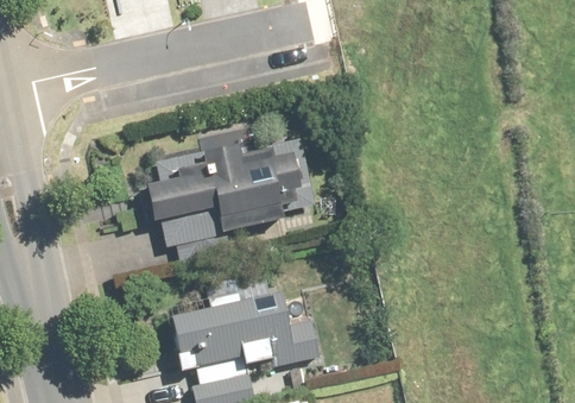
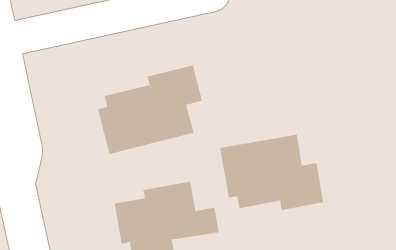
building: none -> [220,134,324,211]

